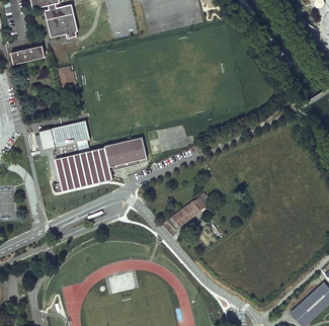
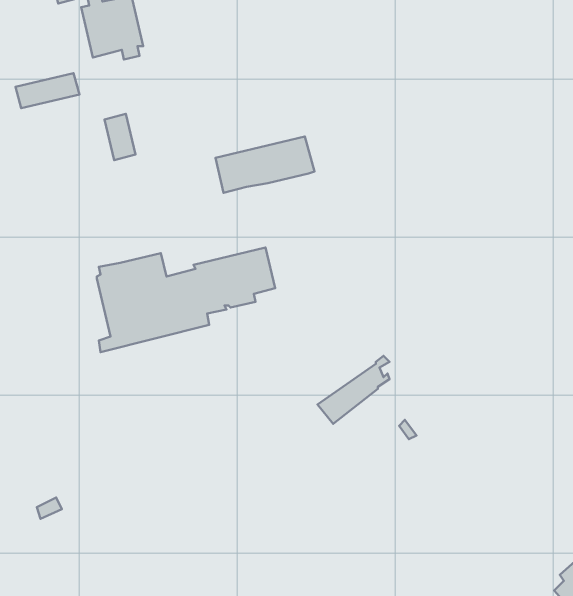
building: [38,120,90,150] -> [216,137,314,193]

